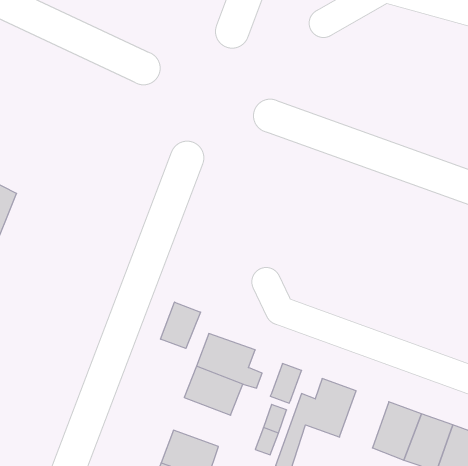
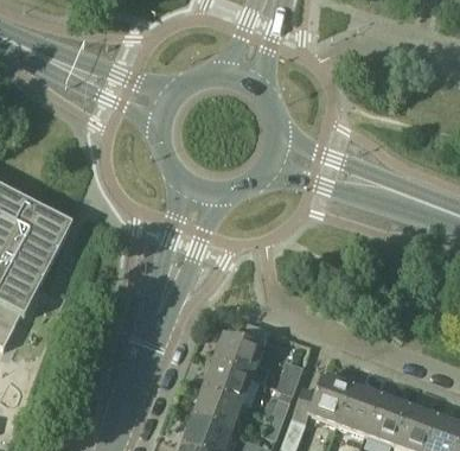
building: [161,302,201,348] -> none
building: none -> [337,385,379,434]
building: none -> [192,390,242,433]

